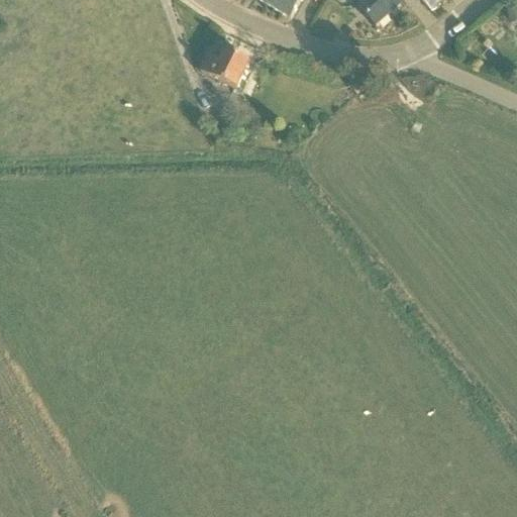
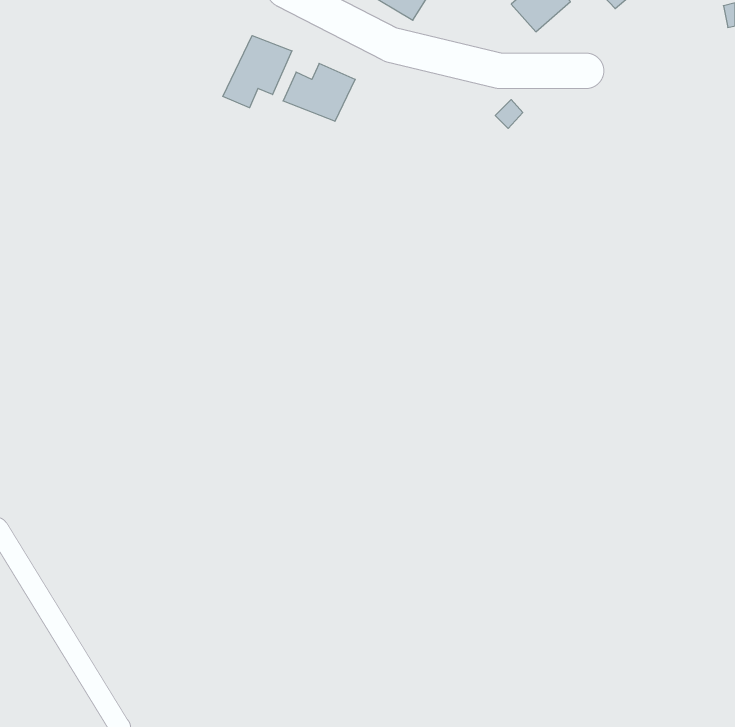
building: none -> [223,36,292,108]

